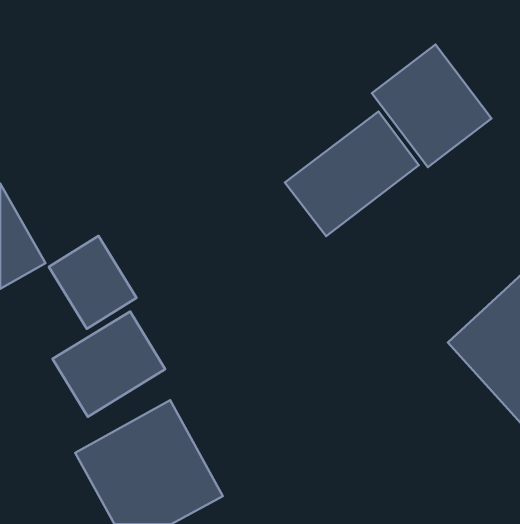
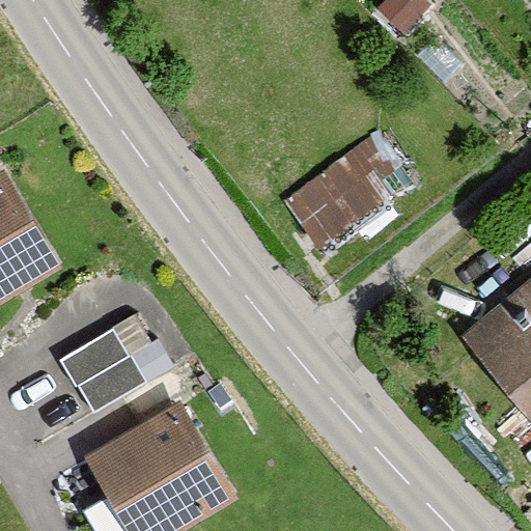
building: [372,44,492,167] -> none
building: [49,236,137,329] -> none

